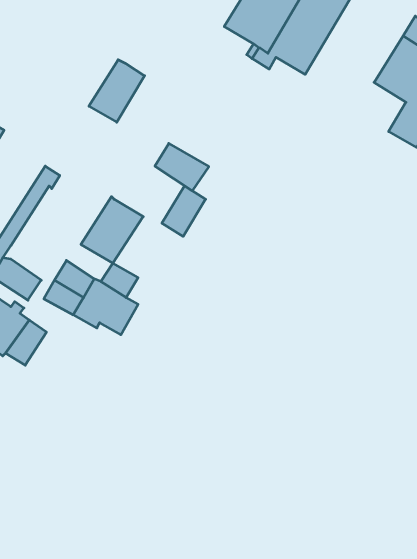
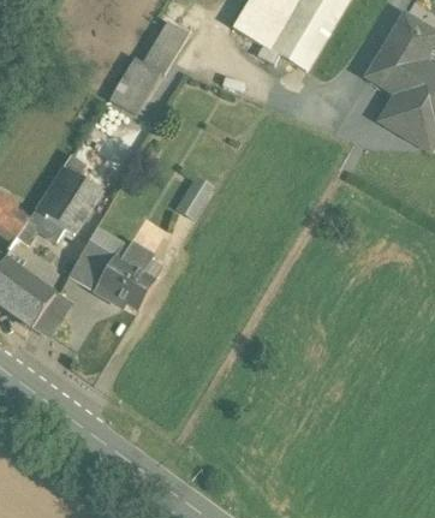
building: none -> [143,22,189,75]
building: [155,143,209,191] -> none
building: [81,197,143,263] -> [46,172,102,232]

